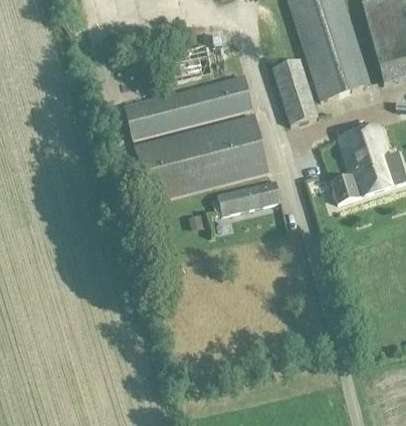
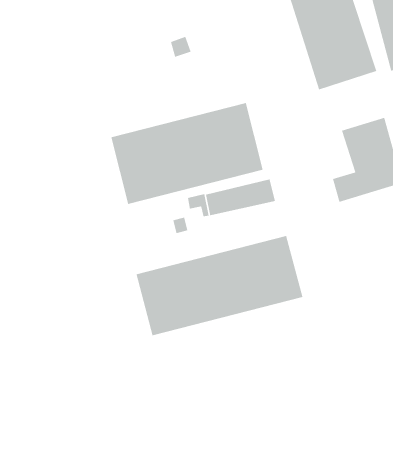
building: [271,57,319,125] -> none
building: [124,73,254,140] -> none
building: none -> [136,235,303,336]

